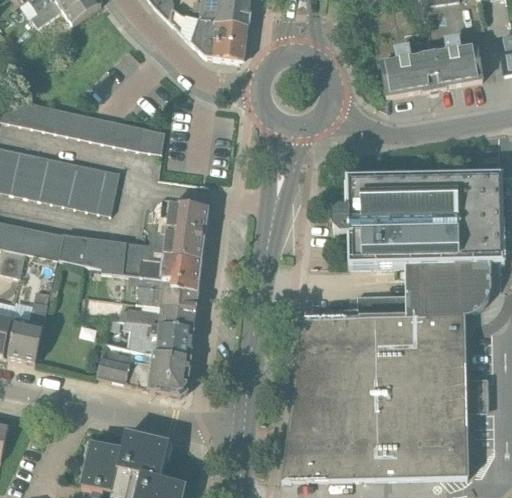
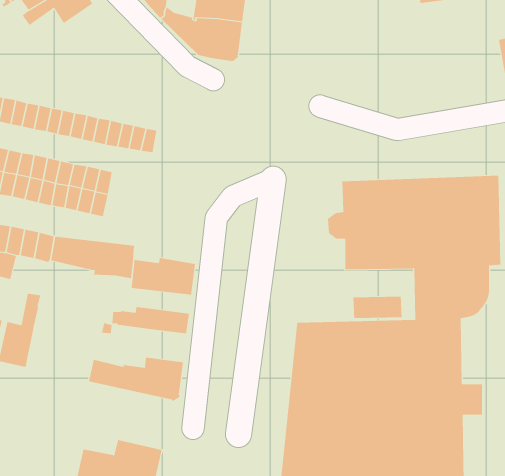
building: [380,45,480,95] -> none
building: [140,202,208,261] -> none
building: [136,285,197,310] -> none
building: [122,321,192,358] -> none

